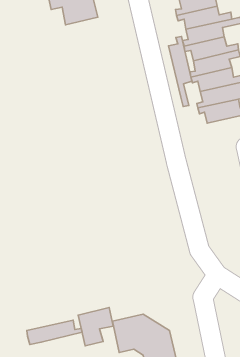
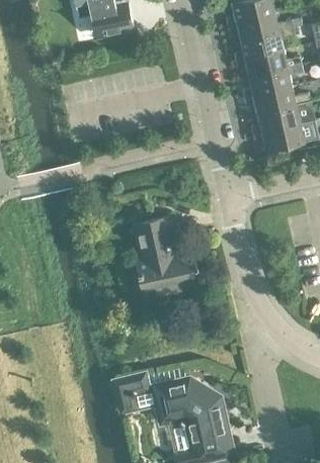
building: [168,36,192,106] -> none
building: none -> [136,217,197,298]
building: [27,320,82,344] -> none

